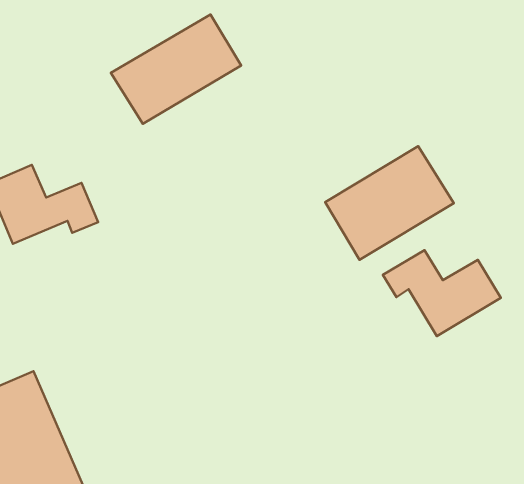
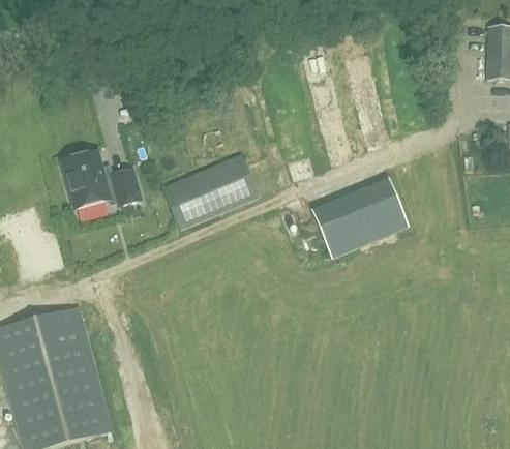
building: [111,14,241,124] -> [161,154,260,229]
building: [383,250,501,336] -> none

